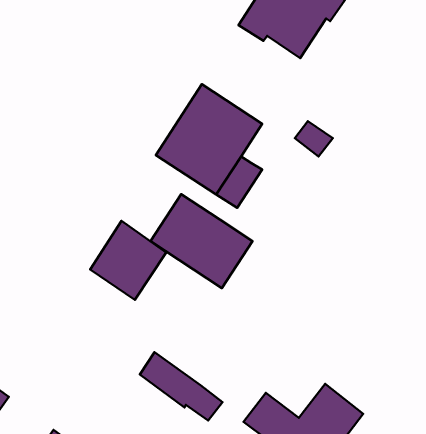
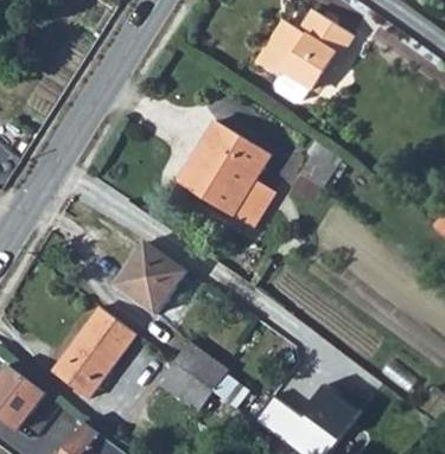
building: [150,194,253,288] -> none
building: none -> [46,301,135,396]
building: none -> [174,334,231,385]

